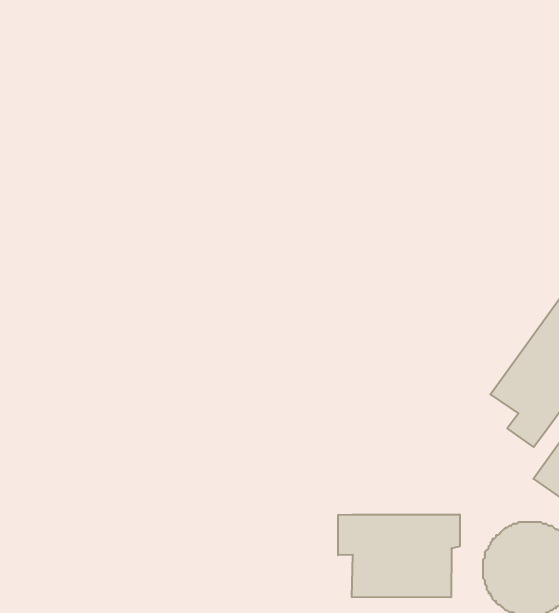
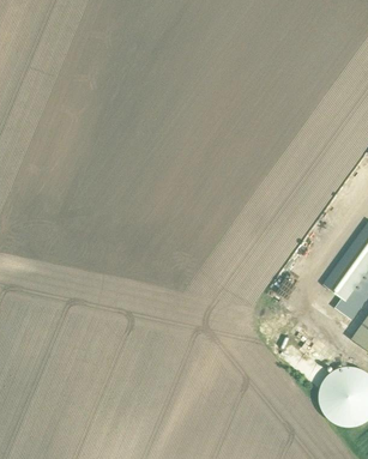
building: [338,514,460,597] -> none

